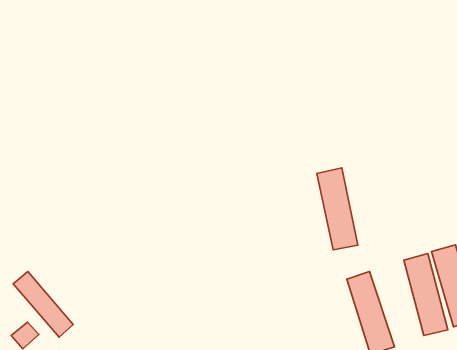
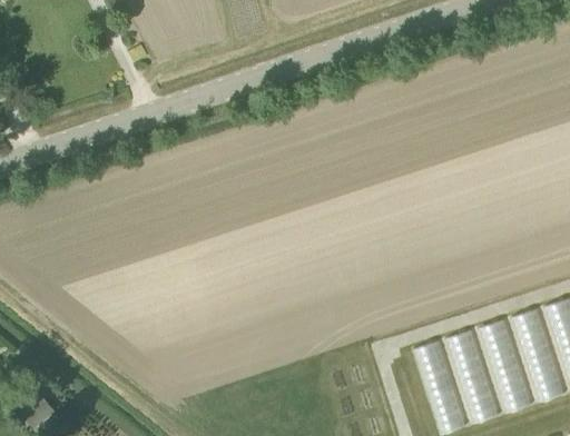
building: [317,168,358,250] -> [450,329,498,425]
building: [13,272,73,337] -> none

